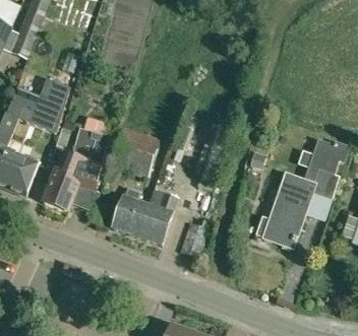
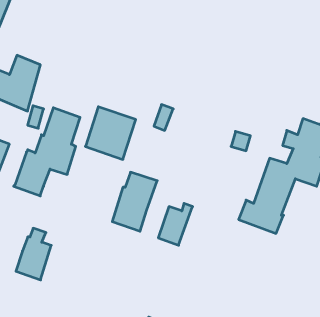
building: [113,187,146,236] -> [16,228,51,280]

